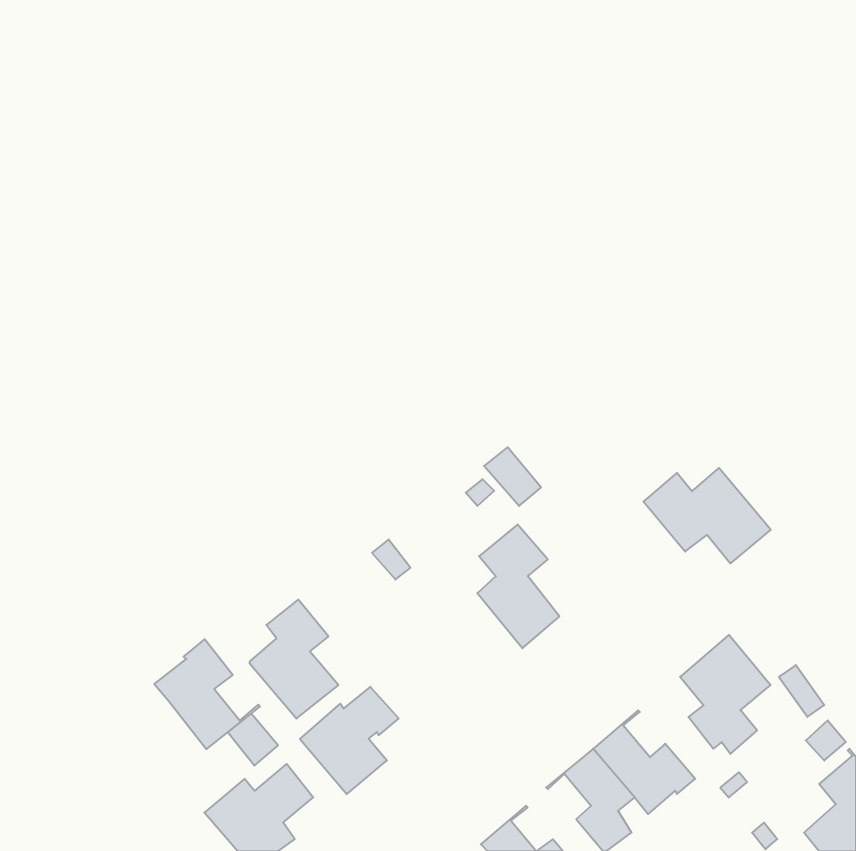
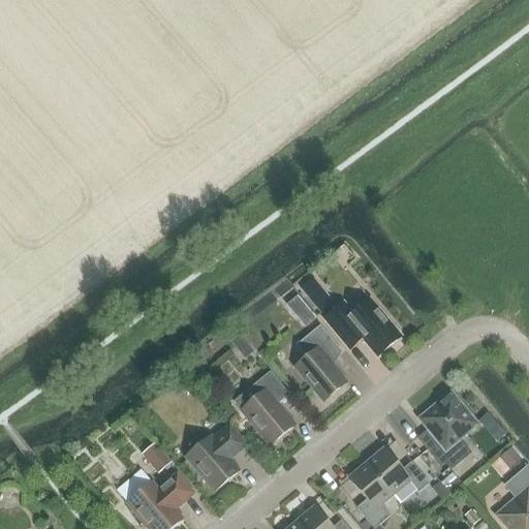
building: [643,468,771,563] -> [322,297,401,355]
building: [250,600,338,719] -> [240,370,294,443]
building: [154,639,260,749] -> none

